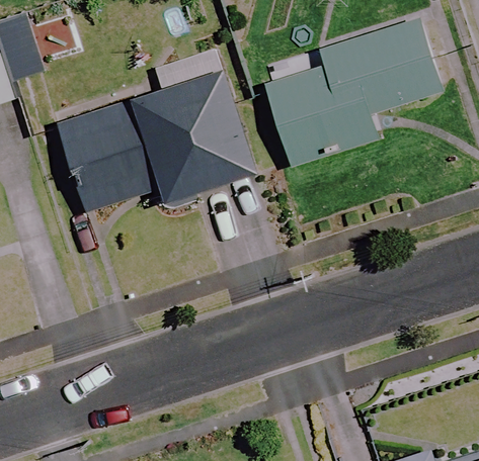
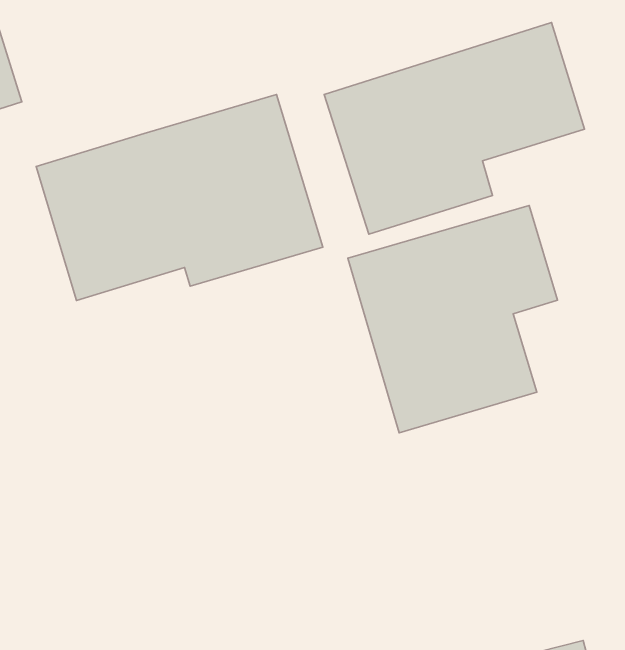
building: none -> [348,205,557,433]

